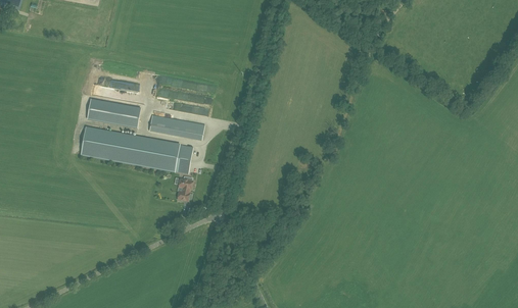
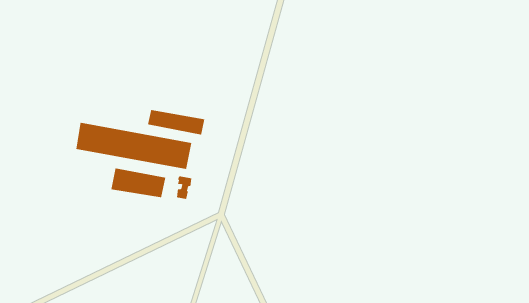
building: [86,99,139,127] -> [110,168,166,198]

